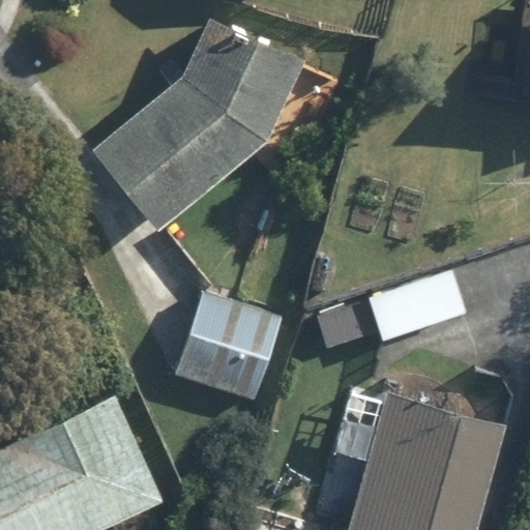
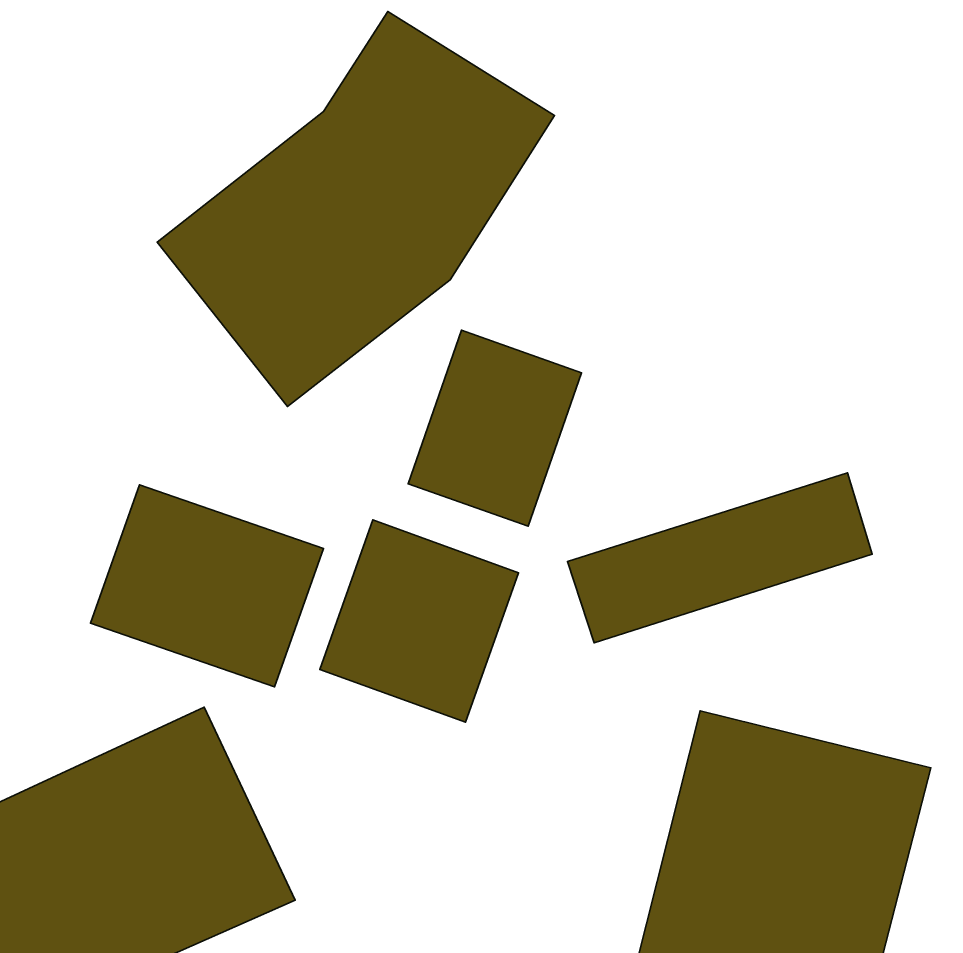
building: none -> [408,330,581,526]
building: none -> [91,485,324,687]

